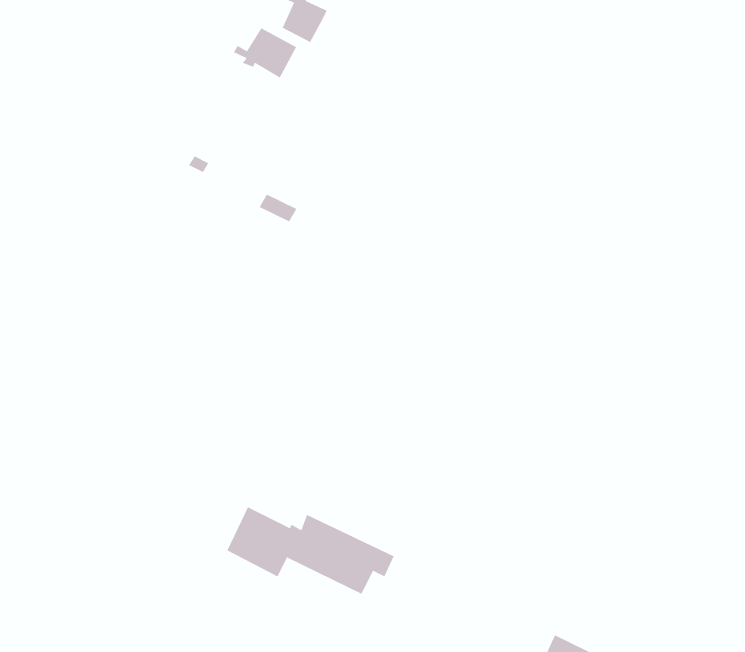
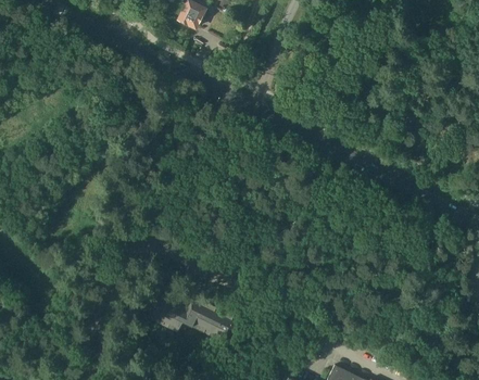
building: [233,28,297,79] -> none

